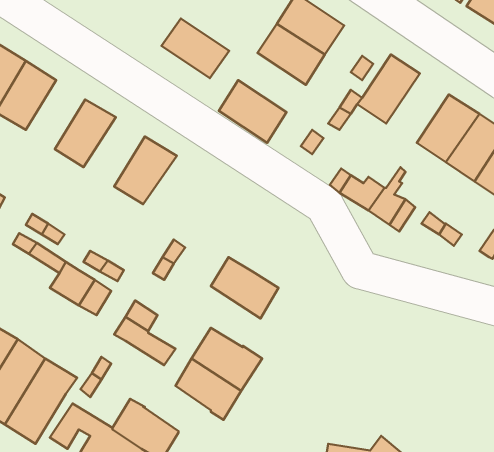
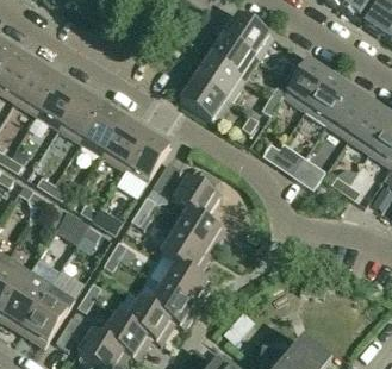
building: [162,19,229,78] -> [194,55,244,99]
building: none -> [304,70,350,121]
building: none -> [37,75,81,126]
building: none -> [80,102,125,154]
building: none -> [124,131,169,181]
building: none -> [151,160,220,217]
building: none -> [160,227,211,273]
building: none -> [124,294,174,342]

